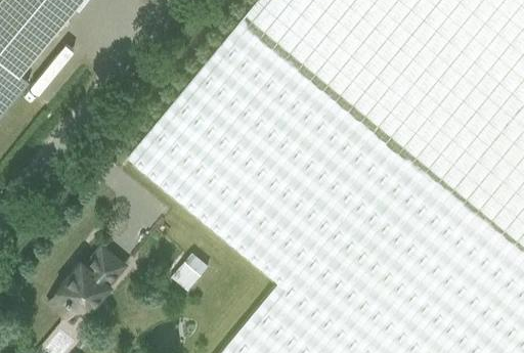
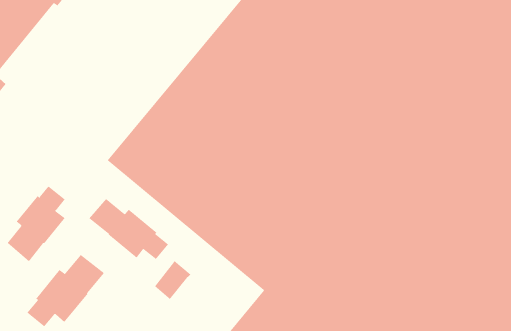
building: none -> [7,185,66,262]
building: none -> [88,198,169,260]

